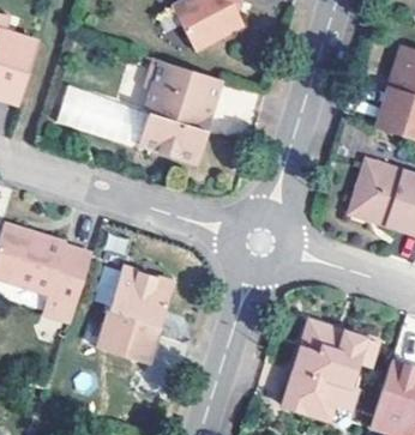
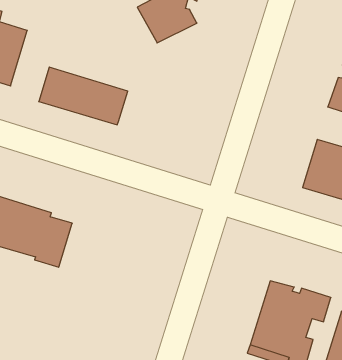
building: [140,61,224,161] -> none
building: [92,268,173,363] -> none

